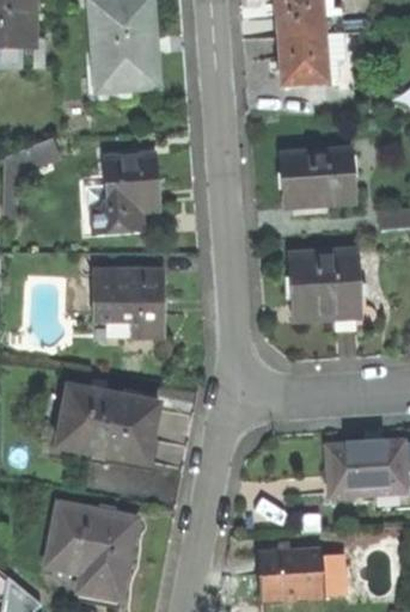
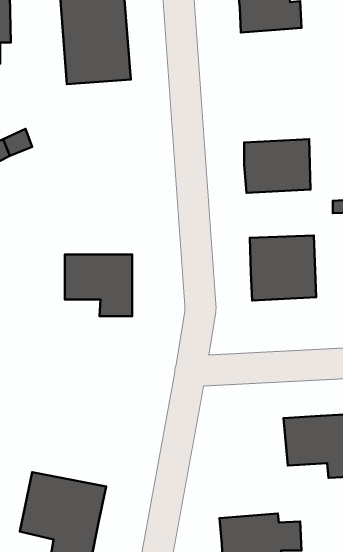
building: [280,31,330,84] -> none
building: [92,154,159,235] -> none
building: [55,387,158,465] -> none

